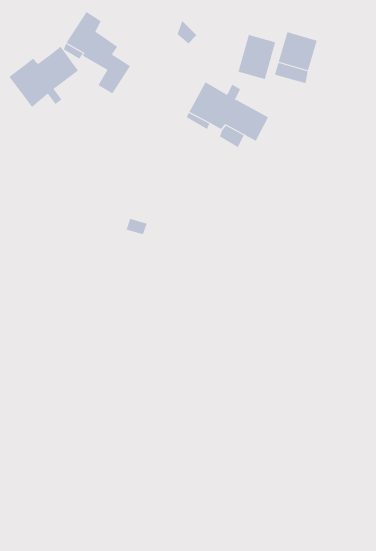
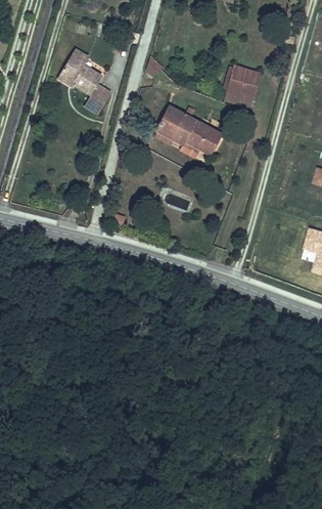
building: [238,34,276,80] -> none
building: [8,46,79,108] -> none

